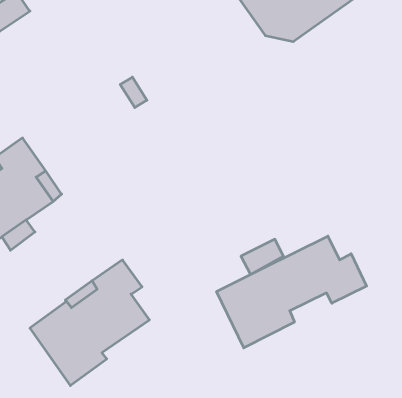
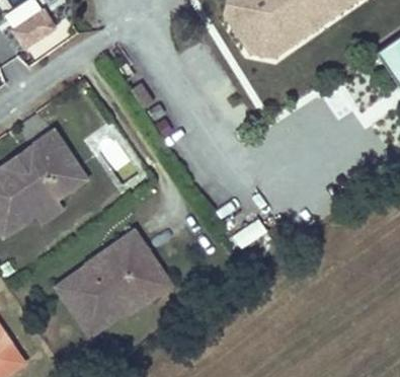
building: [217,236,367,348] -> none
building: none -> [117,253,172,318]

